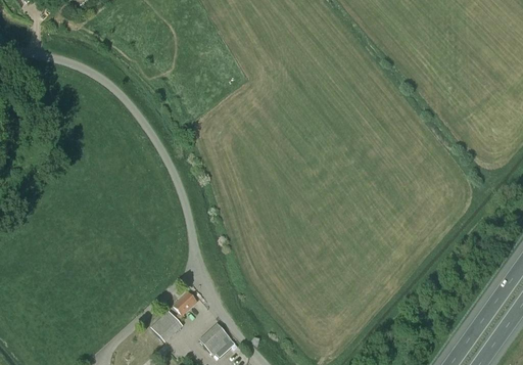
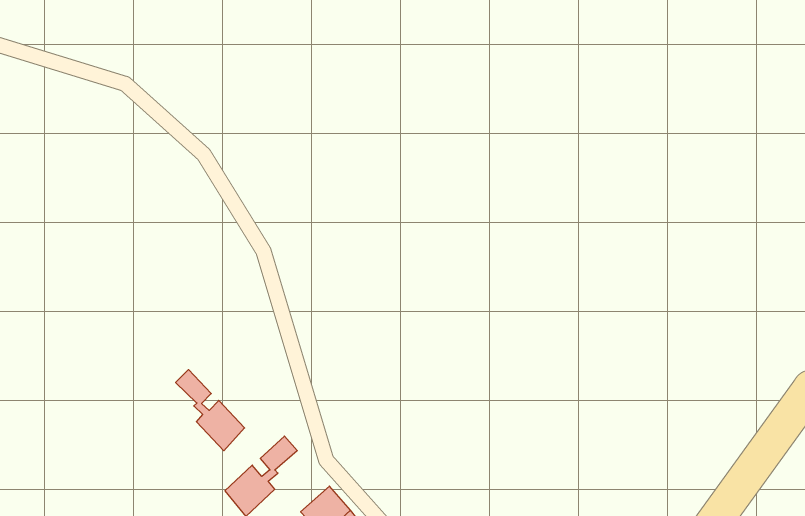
building: none -> [176,370,245,451]

